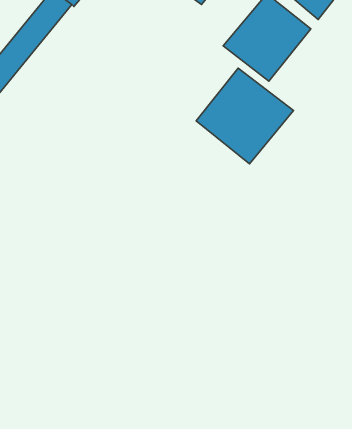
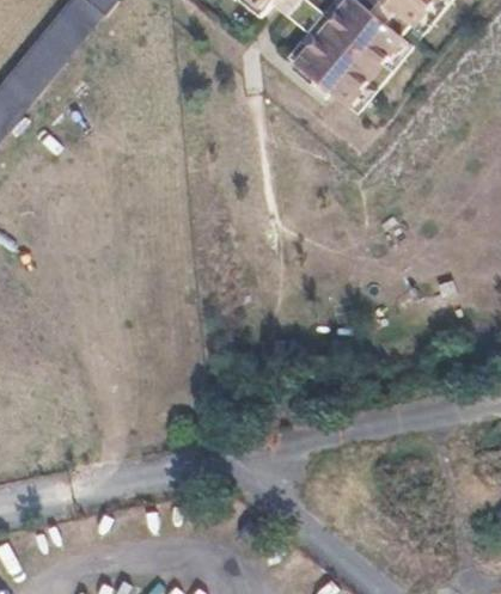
building: [196,68,294,164] -> none

